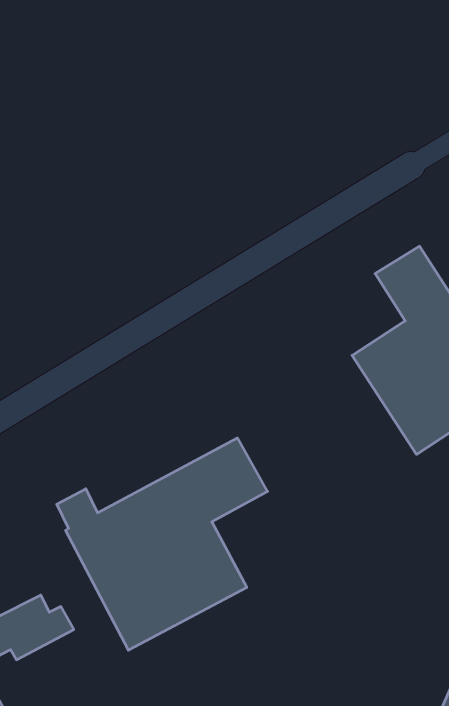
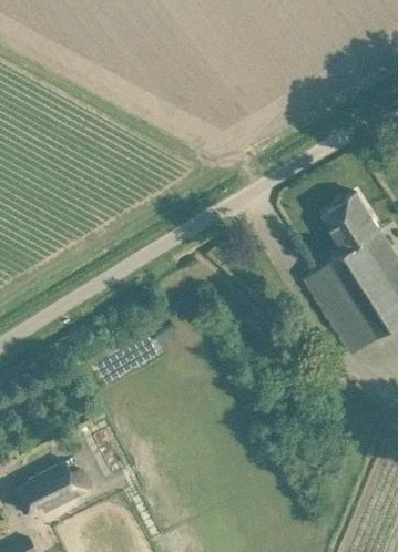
building: [57,438,268,650] -> none

